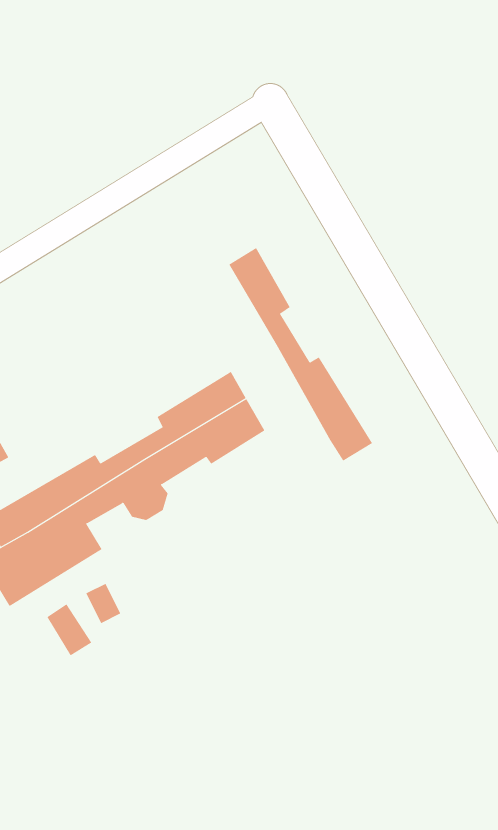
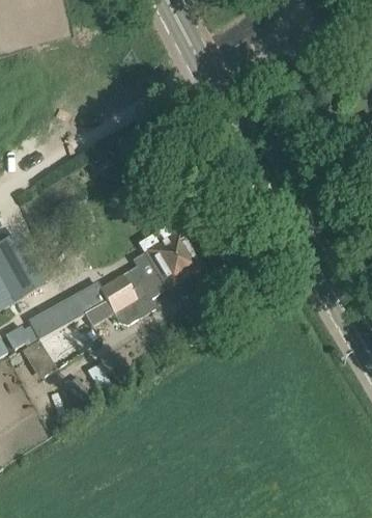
building: [228,247,373,461] -> none

